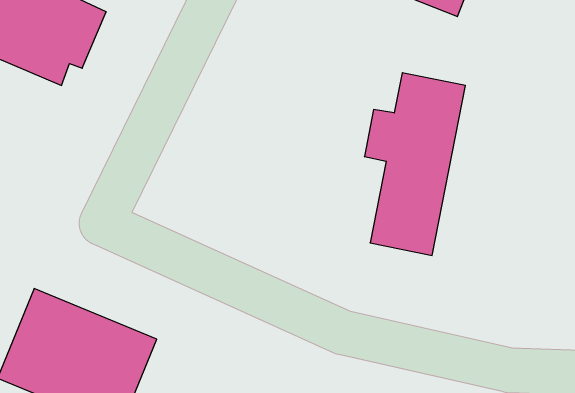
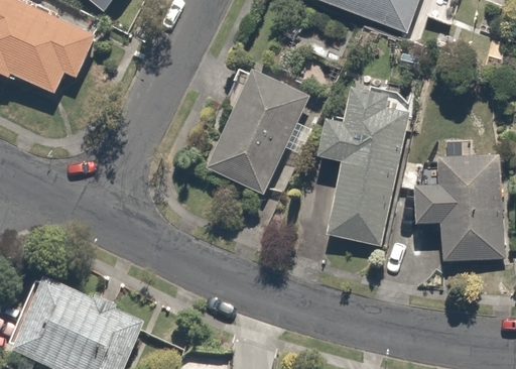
building: none -> [208,69,311,193]
building: none -> [415,156,502,264]

